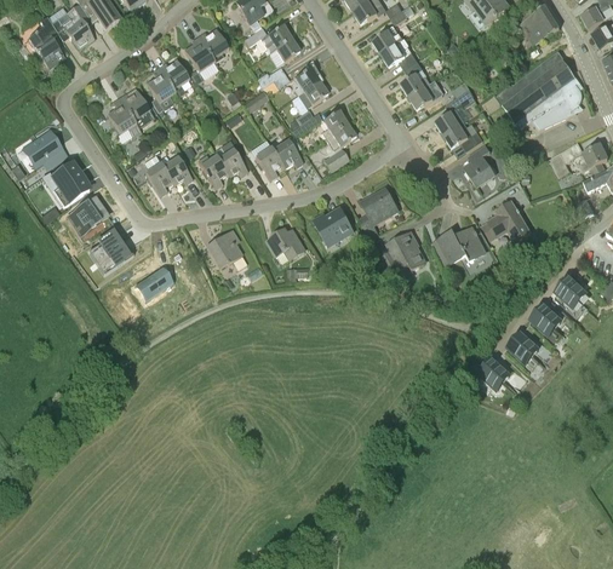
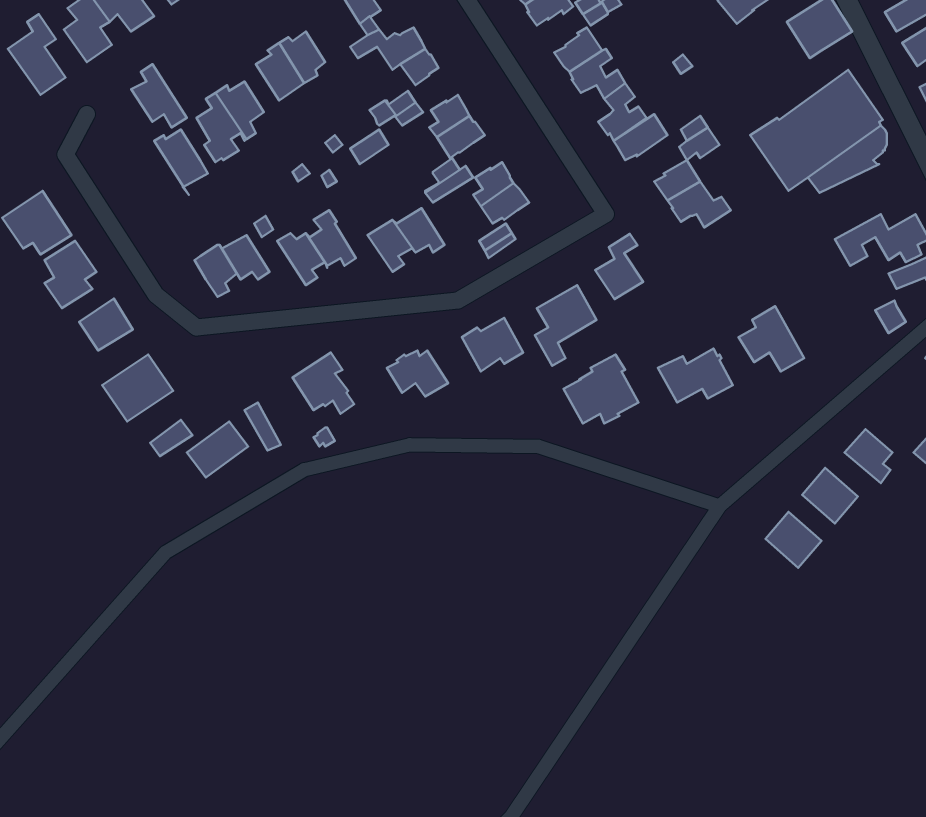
building: [107,97,142,137] -> [131,64,187,127]
building: [464,144,494,185] -> [595,234,643,299]
building: [477,357,511,391] -> none

